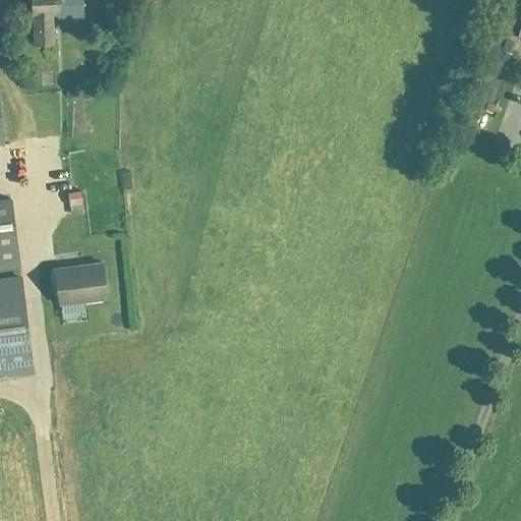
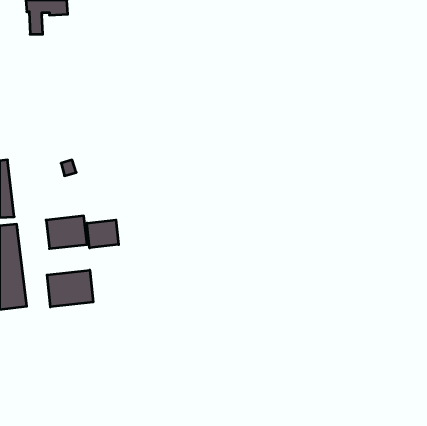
building: none -> [87,220,119,248]
building: none -> [47,270,93,307]

